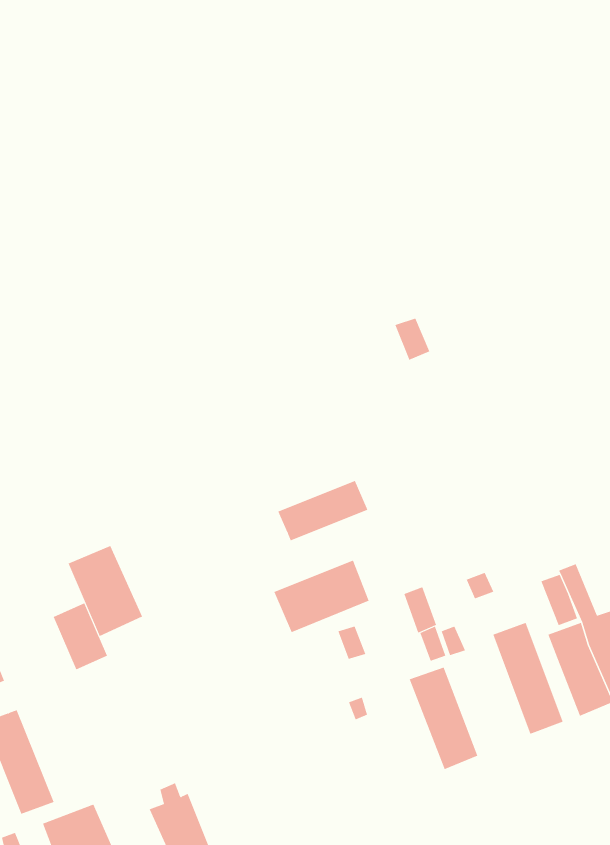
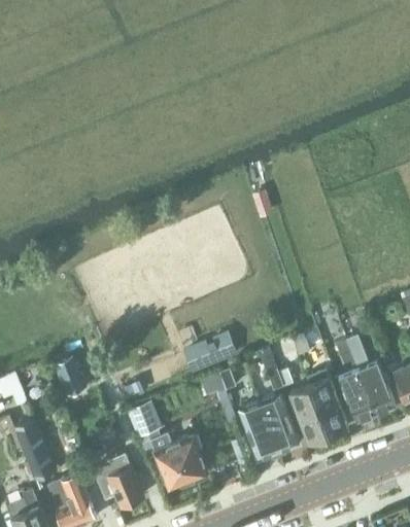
building: [277,480,368,541] -> none
building: [68,545,143,637] -> none
building: none -> [293,384,330,442]
building: none -> [129,401,207,487]
building: none -> [240,401,280,461]

